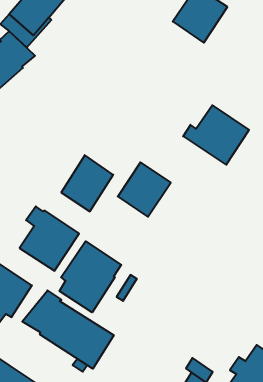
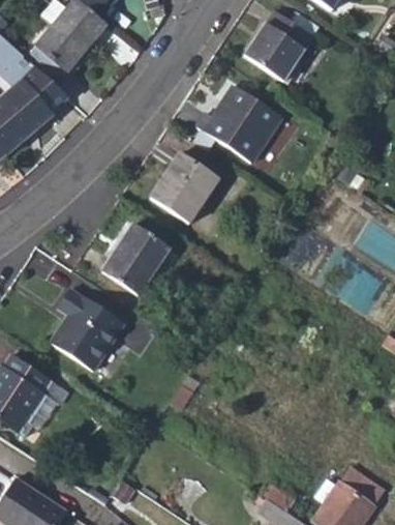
building: [183,105,249,165] -> [198,86,281,162]
building: [118,162,171,217] -> [151,152,218,222]
building: [60,241,121,312] -> none
building: [22,290,114,369] -> none

